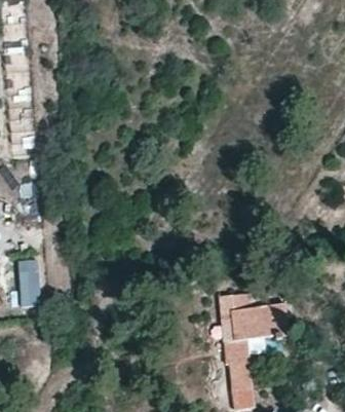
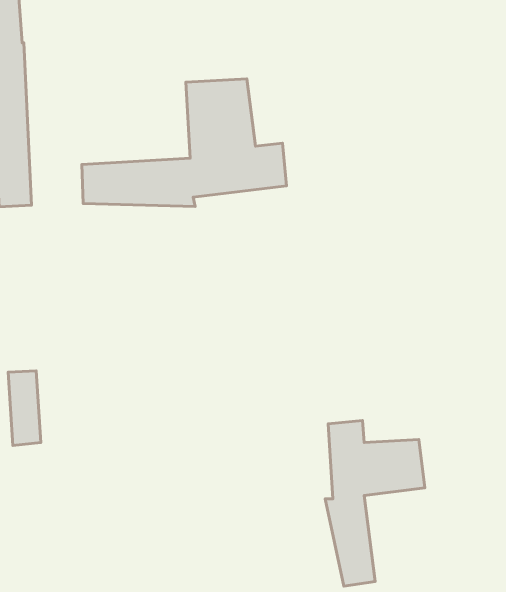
building: none -> [82,79,287,207]

